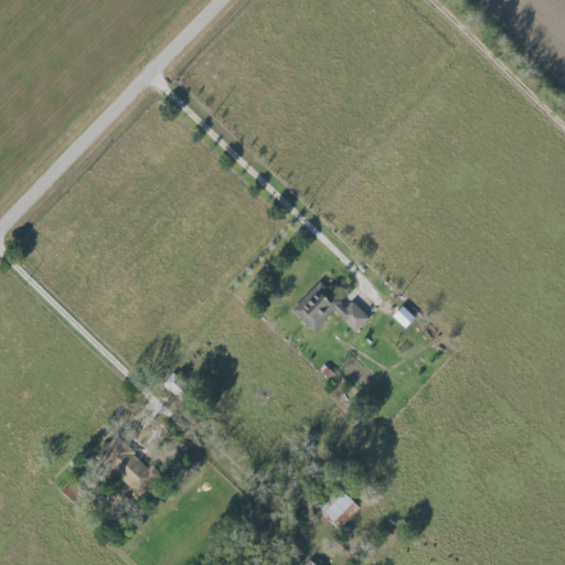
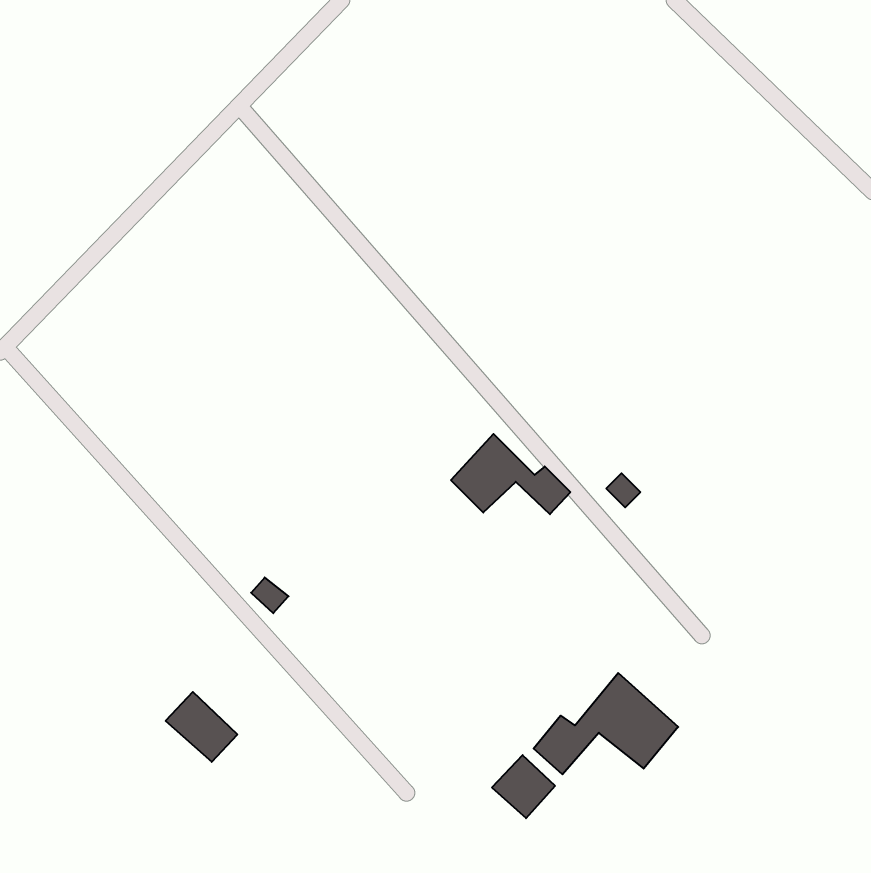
building: none -> [534,673,678,774]

